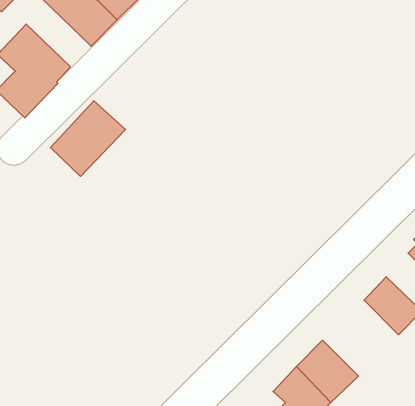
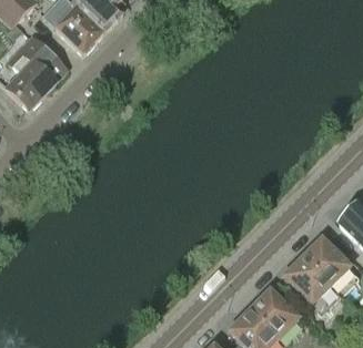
building: [50,101,126,176] -> none
building: none -> [283,258,331,310]

